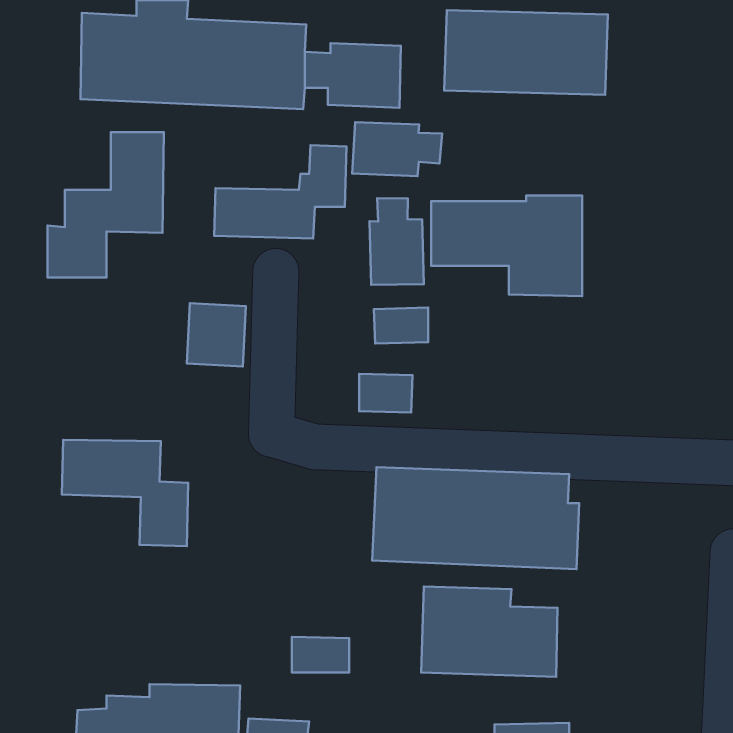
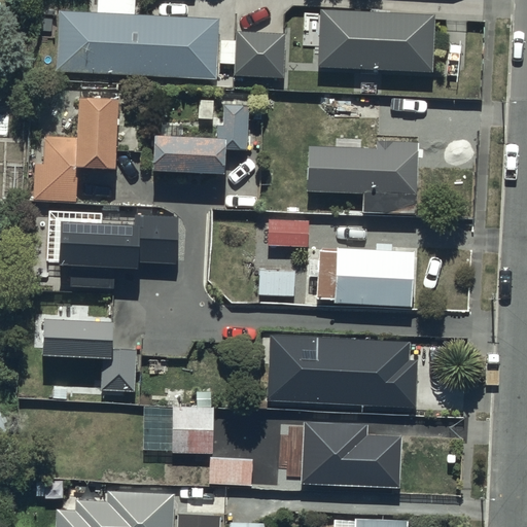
building: [352,122,442,176] -> none
building: [369,198,424,285] -> none
building: none -> [61,222,129,287]
building: none -> [309,251,417,307]
building: none -> [142,407,212,455]

